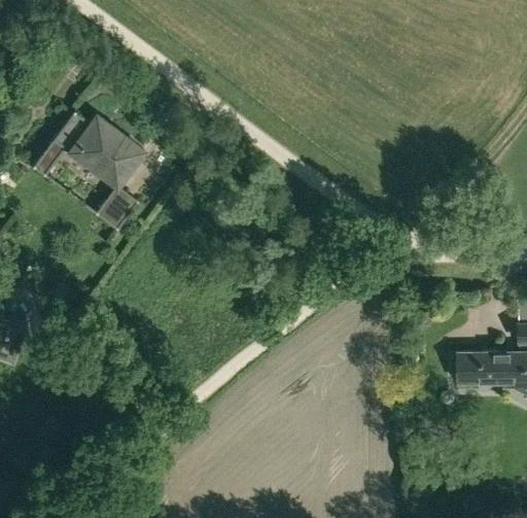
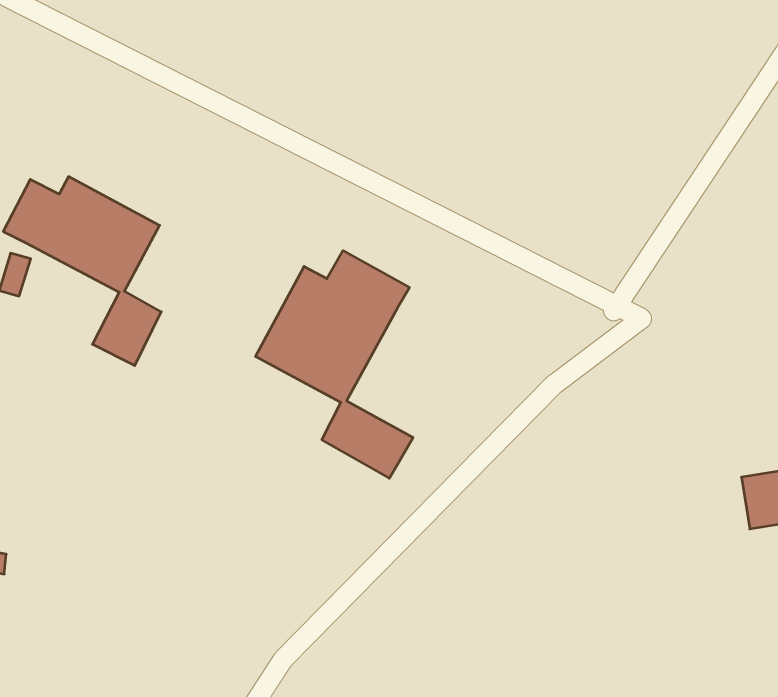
building: none -> [256,251,413,478]

